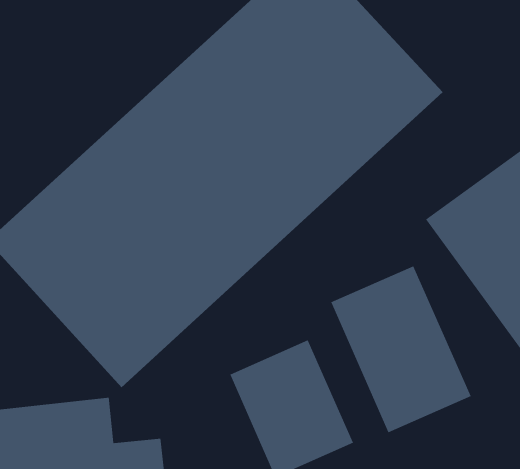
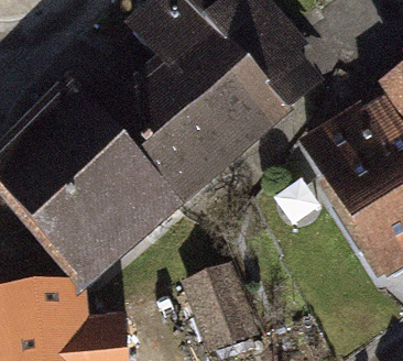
building: [330,265,472,433] -> none

